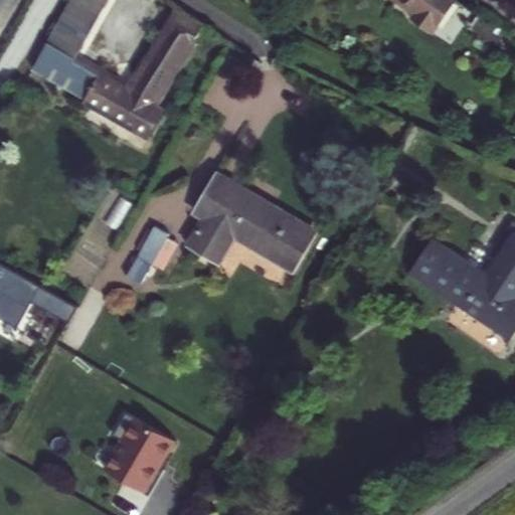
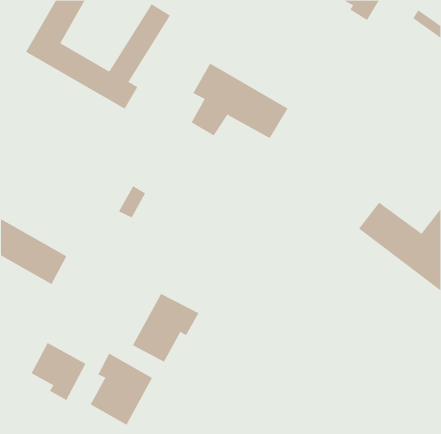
building: [196,175,310,264] -> [191,63,288,139]
building: none -> [132,293,199,363]
building: none -> [31,342,86,401]

